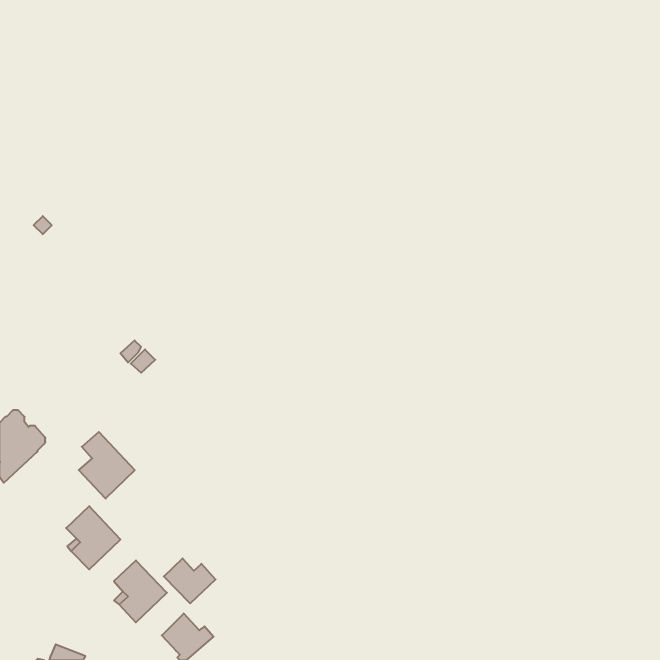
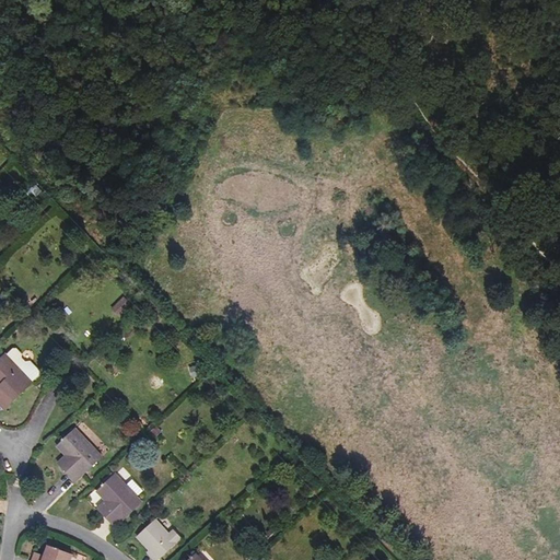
building: [79,432,135,499] -> none
building: [164,558,216,603] -> none

